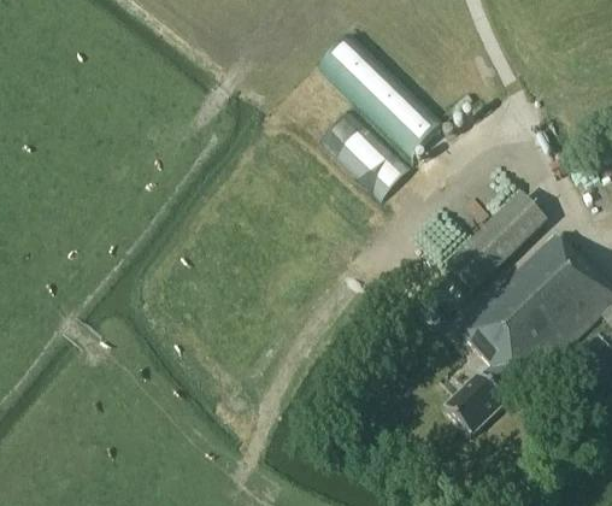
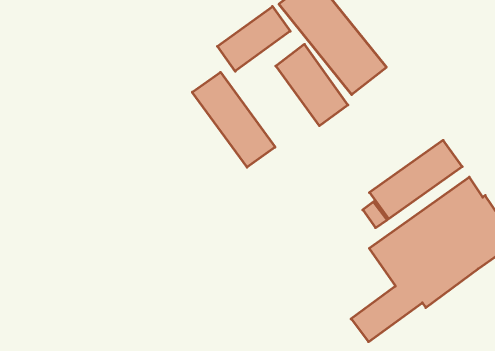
building: none -> [217,6,290,71]
building: none -> [192,72,275,167]

